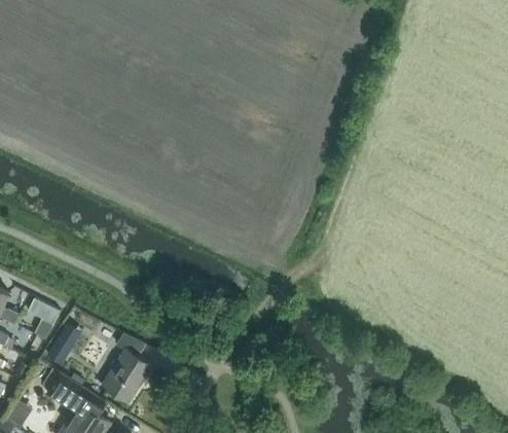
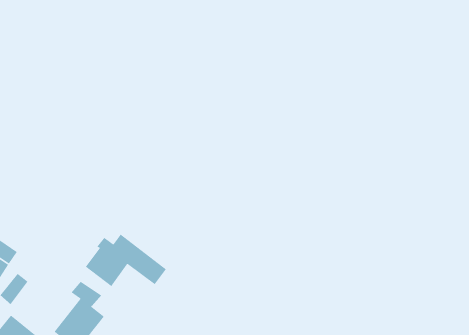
building: none -> [85,234,167,287]

